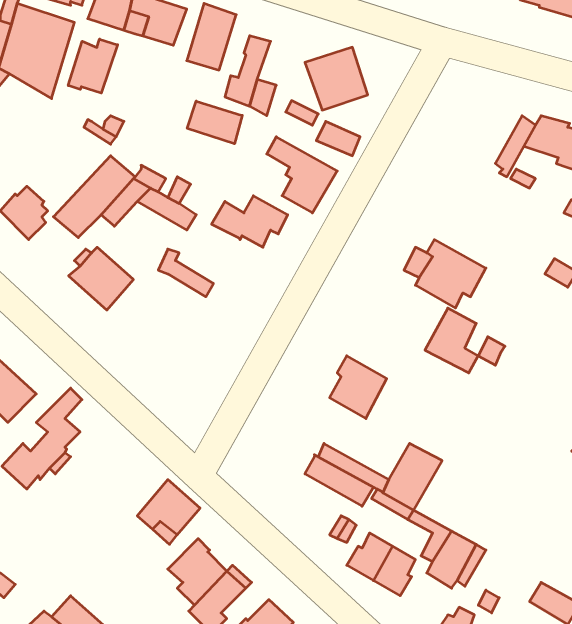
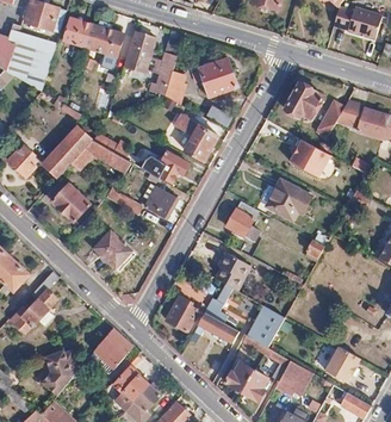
building: [68,39,118,93] -> none
building: none -> [283,81,323,118]
building: [187,101,242,144] -> none
building: none -> [288,138,329,176]
building: none -> [143,185,175,217]
building: [425,308,478,373] -> [225,200,259,241]
building: none -> [94,230,131,267]
building: none -> [165,294,204,331]
building: none -> [323,346,359,381]
building: none -> [39,348,79,396]

